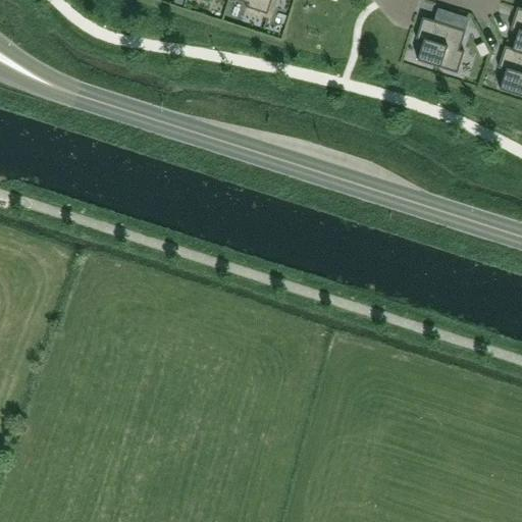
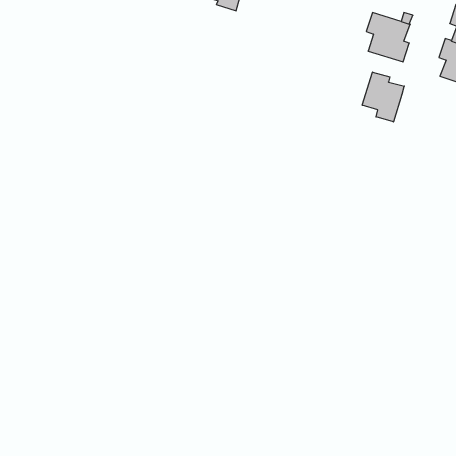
building: none -> [362,72,404,122]

